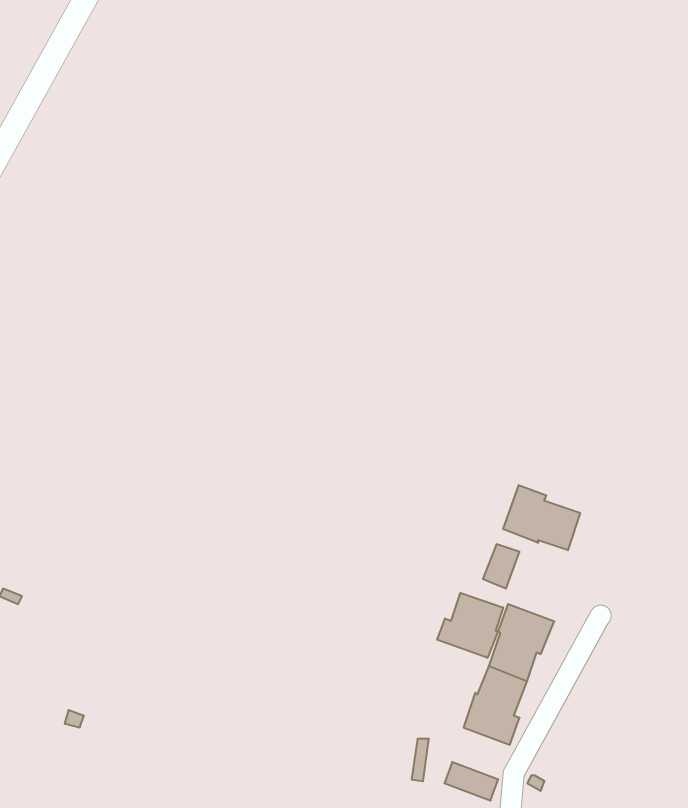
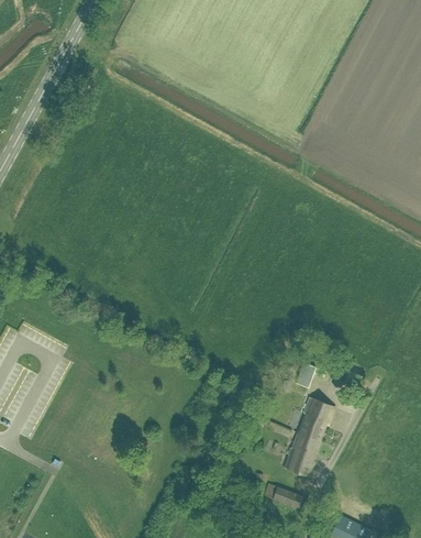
building: [503,485,580,550] -> none
building: [437,593,503,658] -> none

